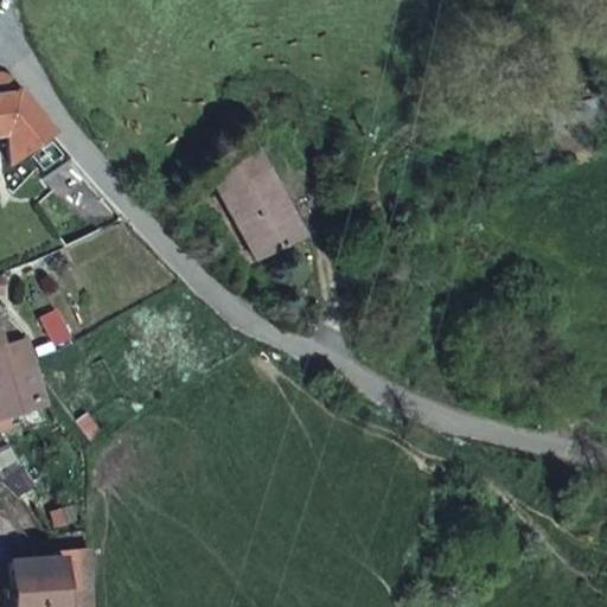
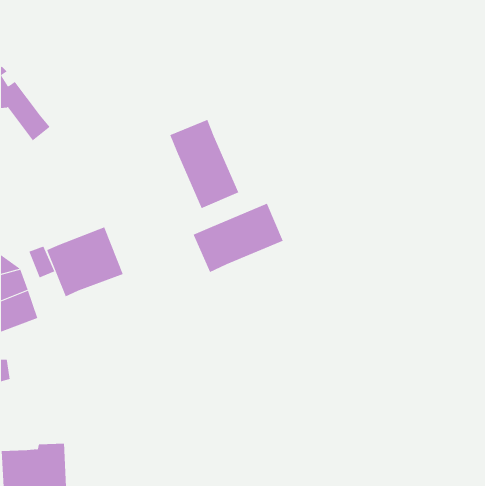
building: none -> [193,203,284,273]
building: none -> [47,227,123,297]

